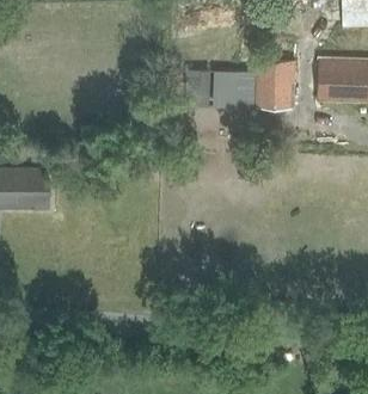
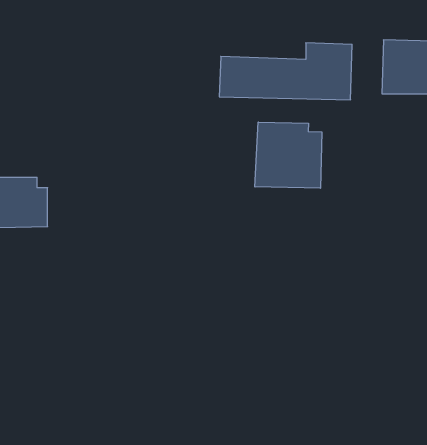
building: none -> [255,122,322,188]

